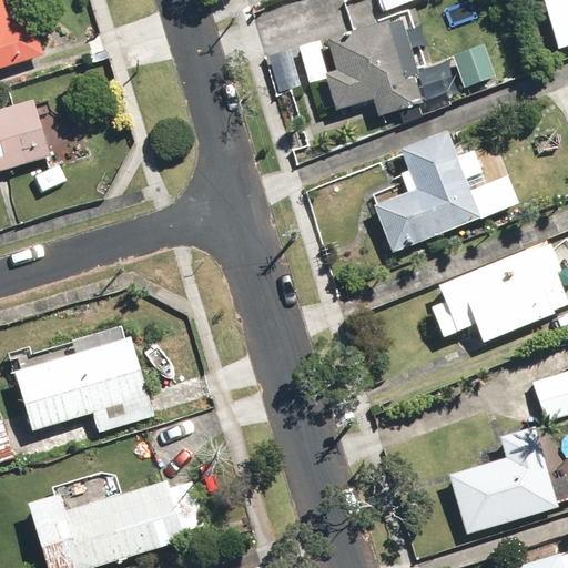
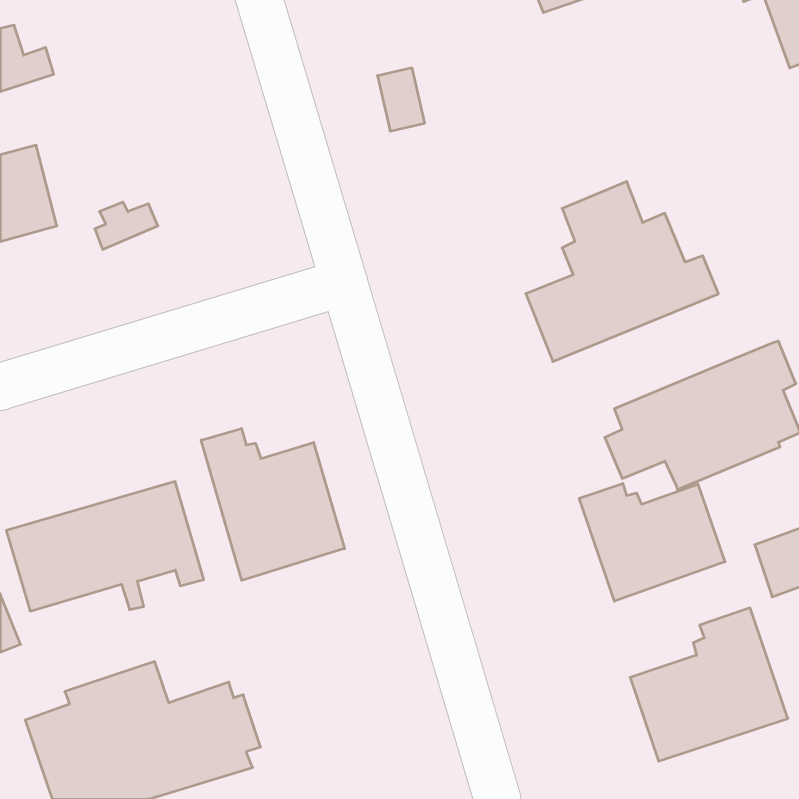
building: [321,8,494,115] -> none
building: none -> [201,428,345,580]
building: none -> [579,483,725,601]

